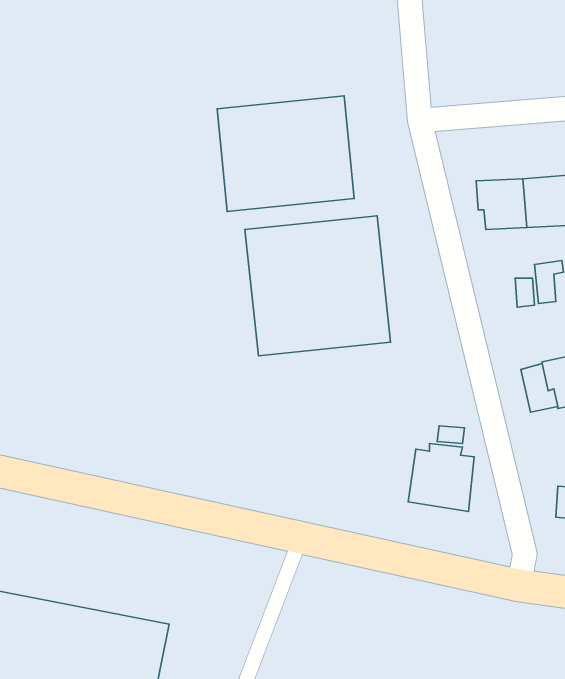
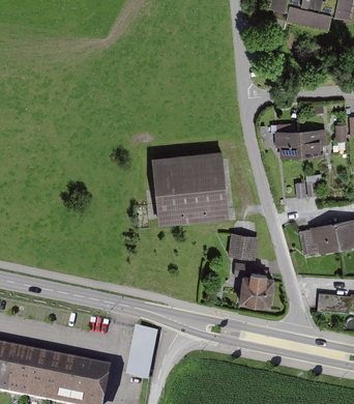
building: [217,96,354,212] -> none
building: none -> [229,233,259,260]
building: none -> [126,327,158,382]

